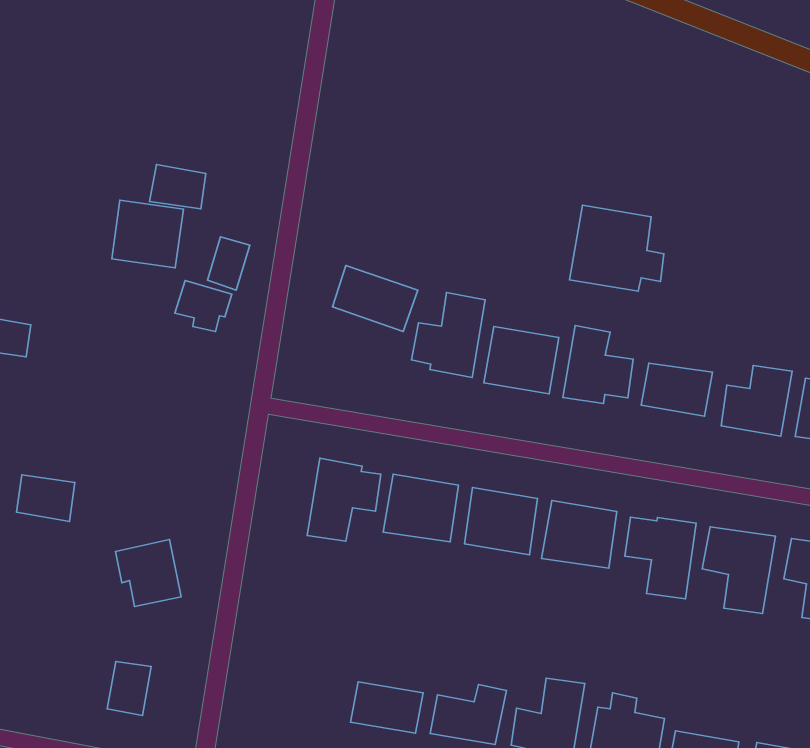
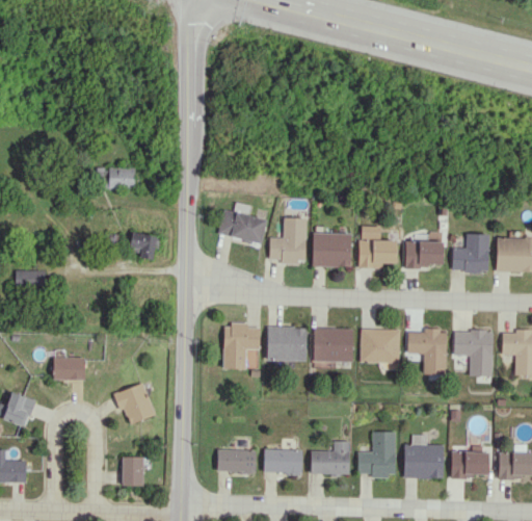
building: [112,200,184,268] -> none
building: [569,205,664,291] -> none
building: [207,237,250,290] -> none
building: none -> [217,449,257,473]

